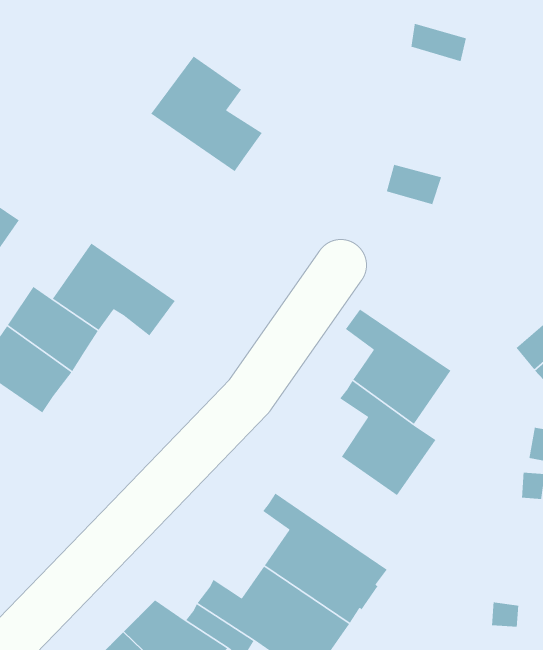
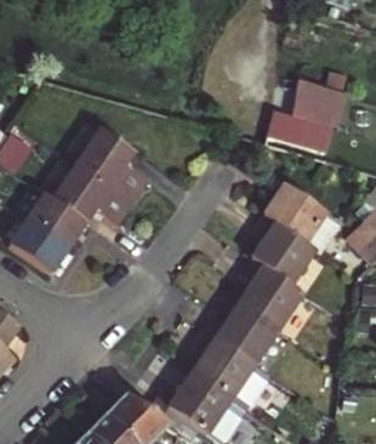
building: [150,56,263,172] -> [80,127,153,203]
building: none -> [291,79,343,130]
building: none -> [253,172,315,233]
building: none -> [199,303,278,364]

